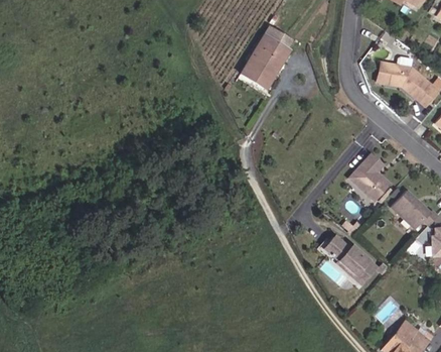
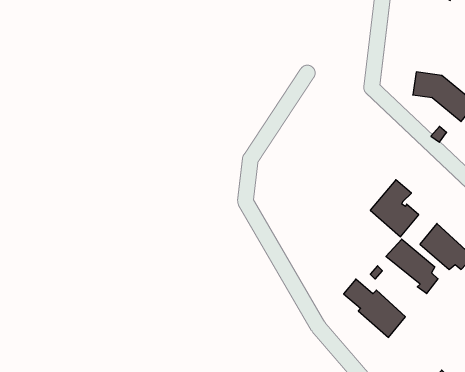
building: [243,35,295,97] -> none
building: none -> [386,239,438,294]

